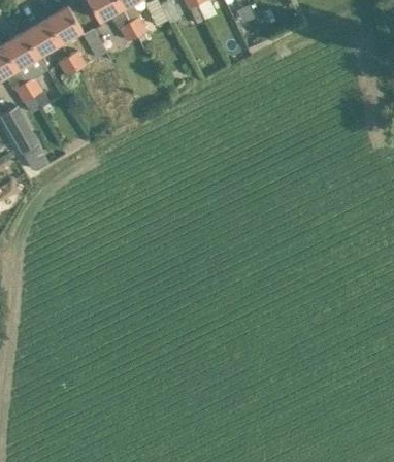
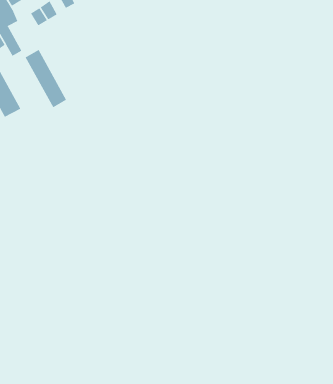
building: none -> [25,49,67,108]

